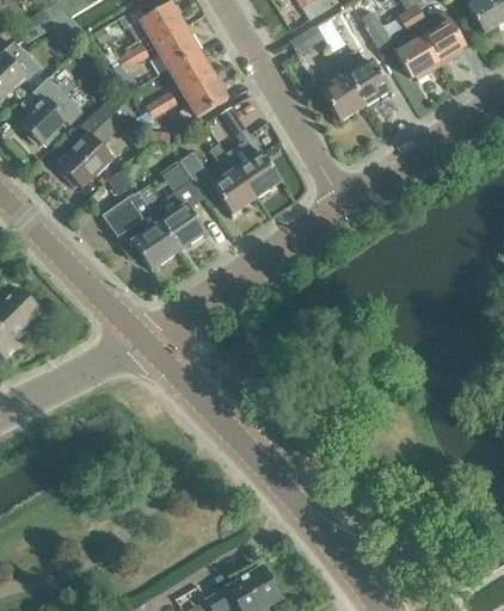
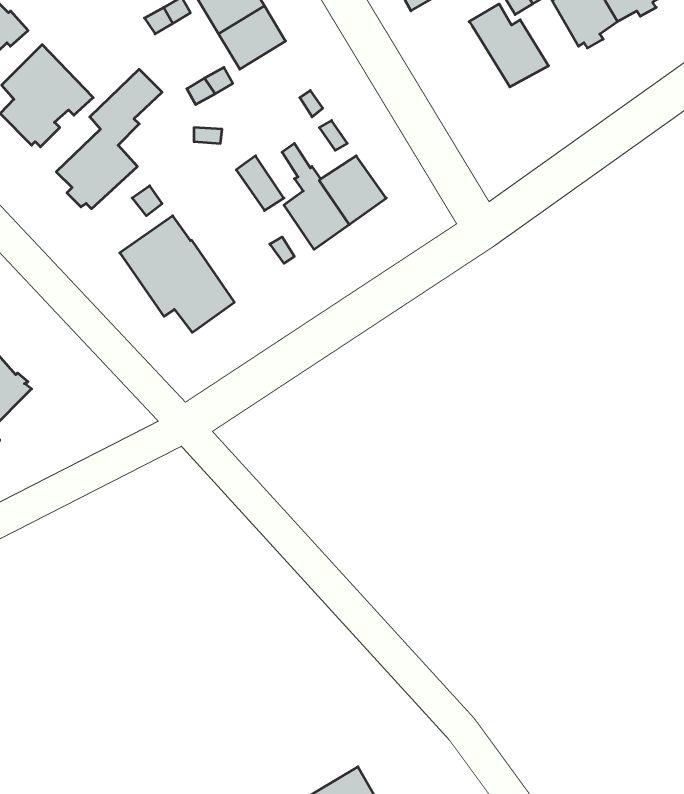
building: [315,63,365,119] -> none
building: [183,73,228,116] -> none
building: [150,166,205,249] -> none

